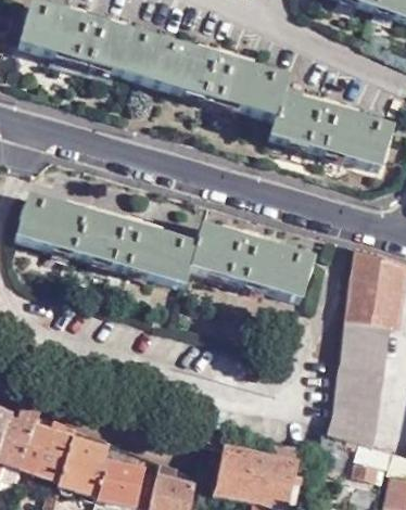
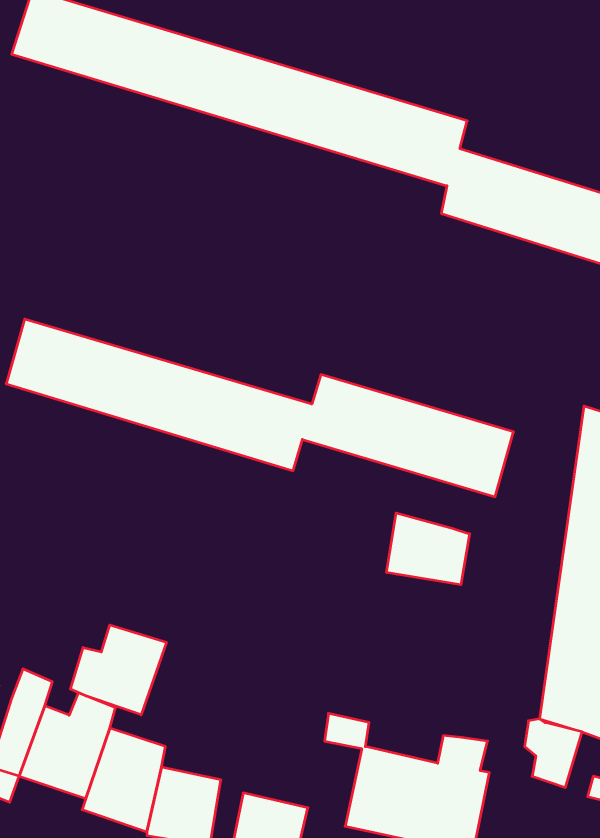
building: none -> [387,513,470,585]
building: none -> [70,625,166,715]

